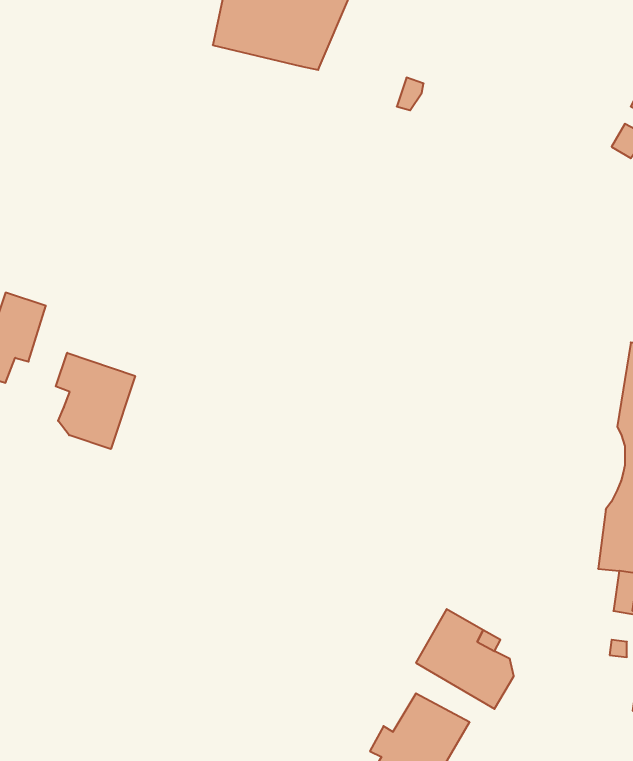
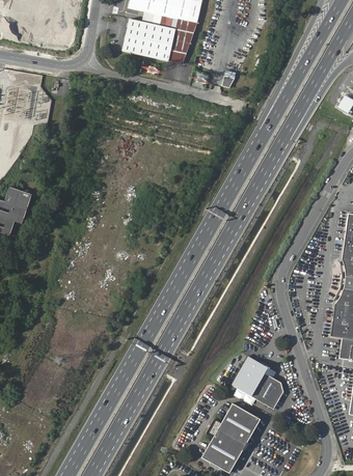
building: [56,353,135,449] -> none

